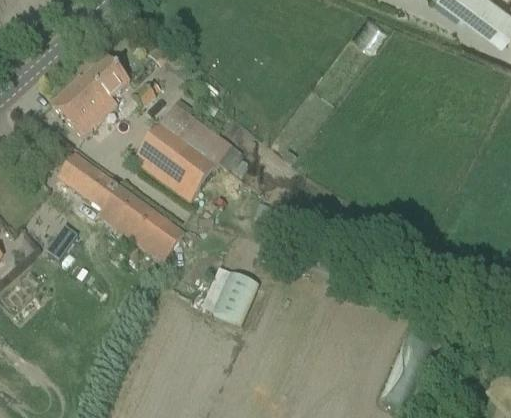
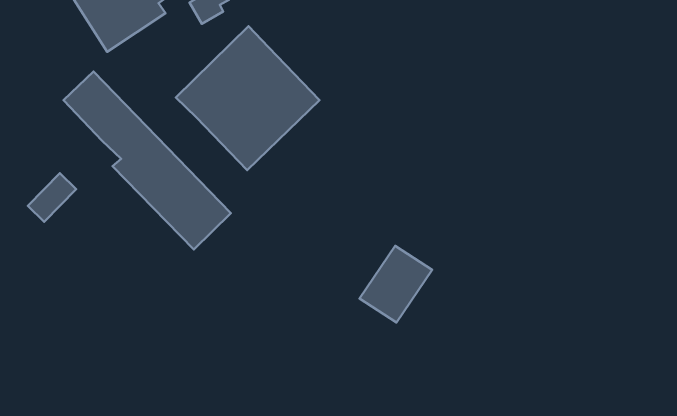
building: [210,274,256,326] -> [360,246,432,323]

